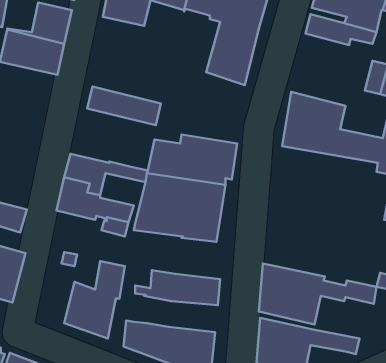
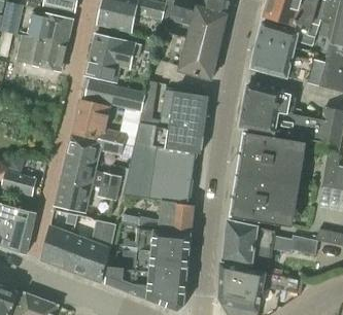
building: none -> [84,34,141,82]
building: none -> [250,38,306,81]
building: none -> [160,90,208,126]
building: none -> [71,101,124,144]
building: none -> [228,132,302,226]
building: none -> [55,179,91,212]
building: none -> [119,201,194,234]
building: none -> [42,225,74,269]
building: none -> [122,247,188,276]

